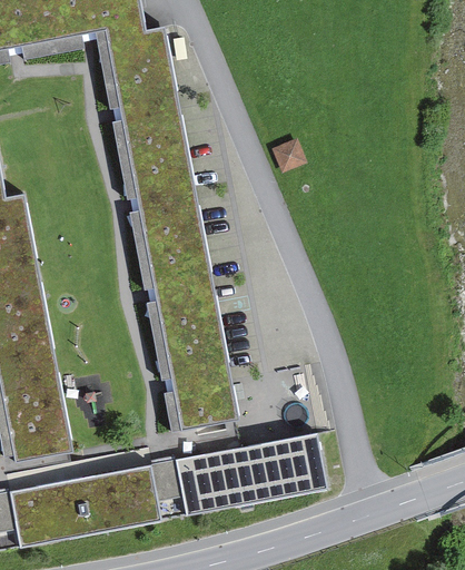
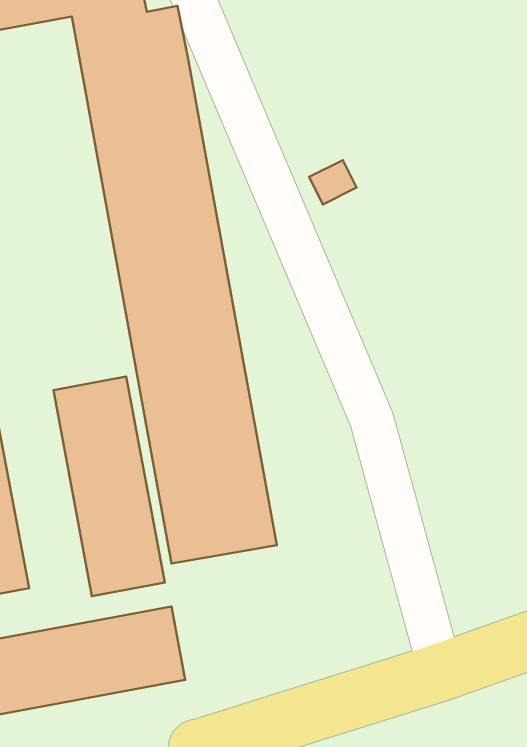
building: none -> [53,377,165,596]
building: [170,432,336,514] -> none

